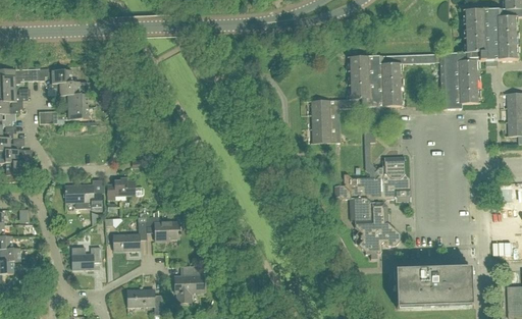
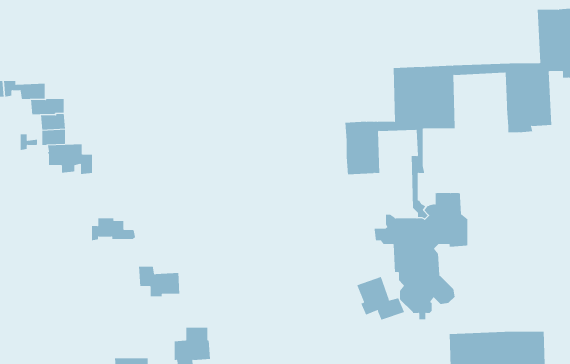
building: [64,184,101,209] -> [47,144,93,174]
building: [113,216,147,251] -> none
building: none -> [356,276,405,321]
building: [71,247,101,270] -> none

